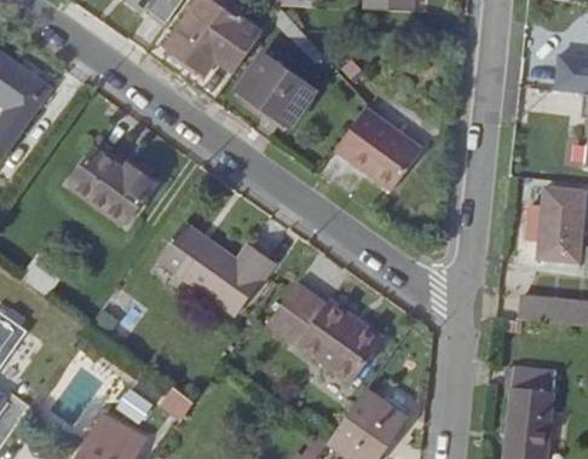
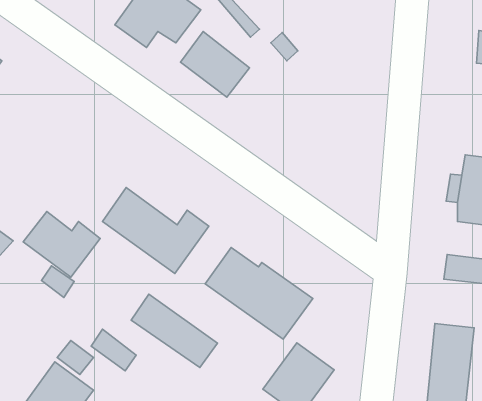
building: [338,114,420,193] -> none
building: [73,149,155,219] -> [23,211,100,277]
building: none -> [131,294,218,368]

